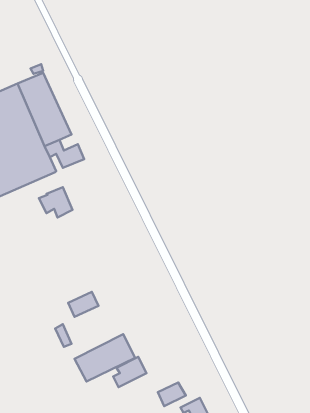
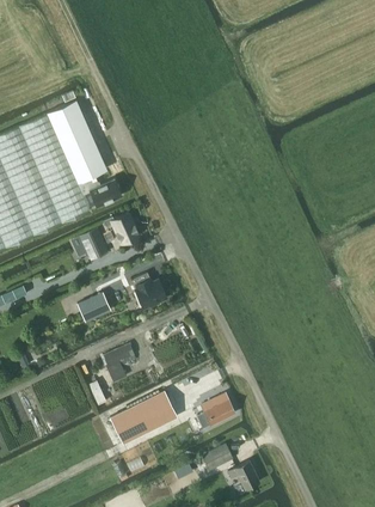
building: none -> [103,214,139,244]
building: none -> [133,274,166,309]
building: none -> [76,293,110,323]
building: [113,357,147,387] -> [197,395,234,428]

